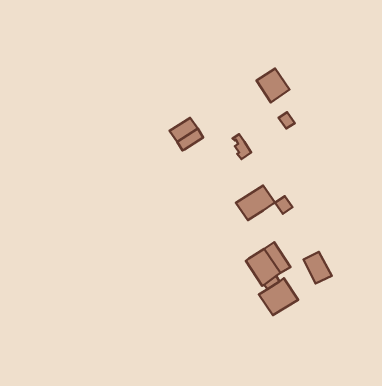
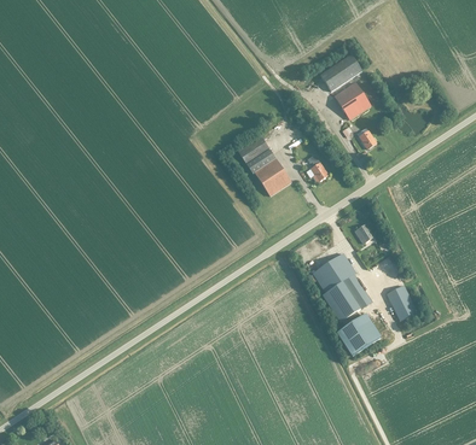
building: none -> [319,54,360,90]
building: none -> [254,158,290,195]
building: [236,185,275,220] -> [312,253,355,292]

